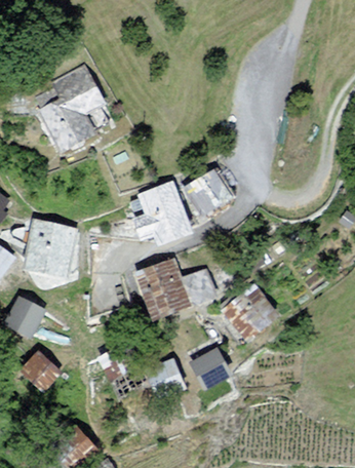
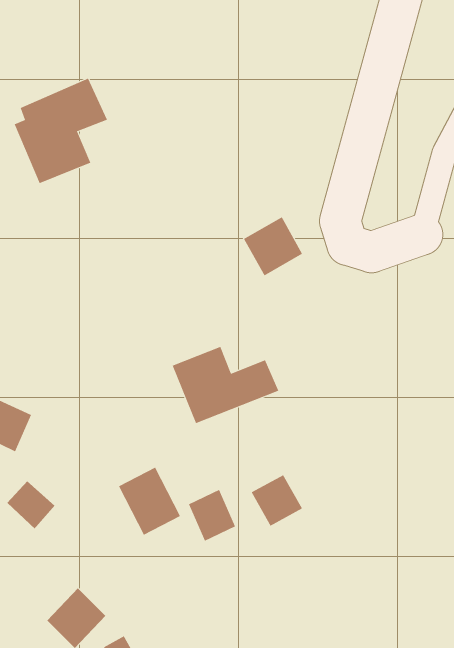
building: [136,181,192,240] -> none
building: [26,219,75,272] -> none
building: [226,285,277,336] -> none

